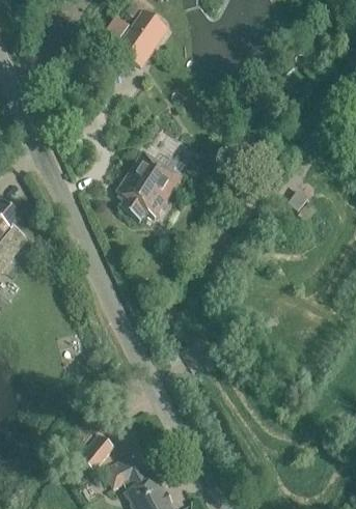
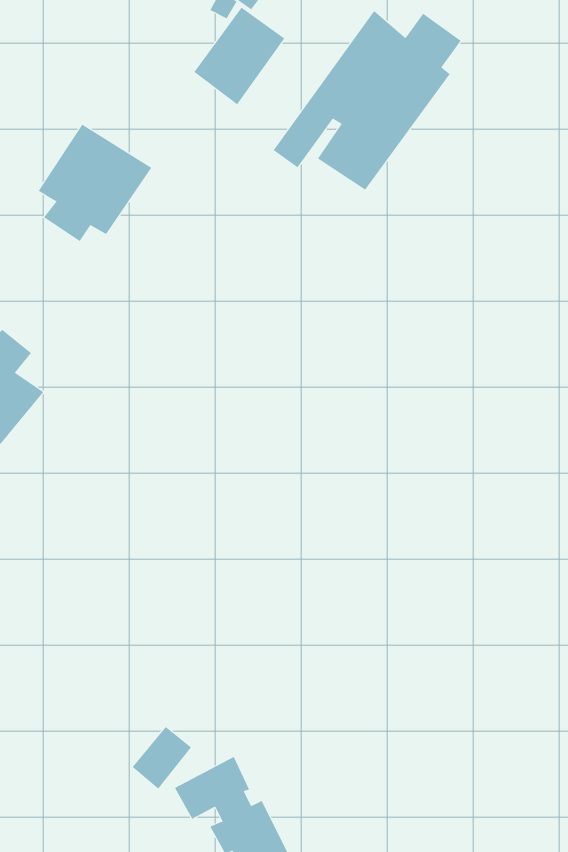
building: none -> [273,10,461,191]
building: [116,152,184,222] -> [38,124,152,242]

